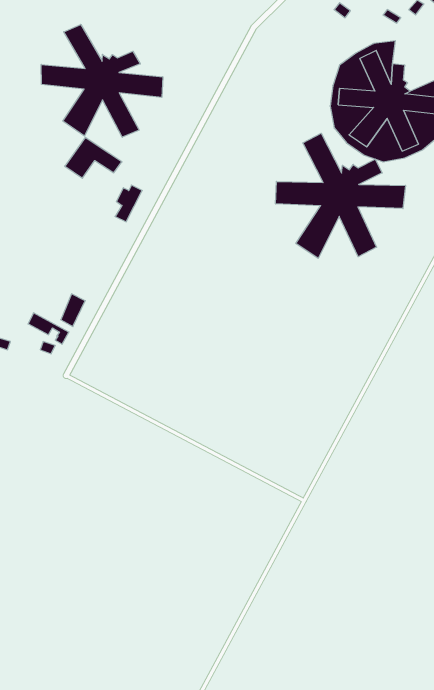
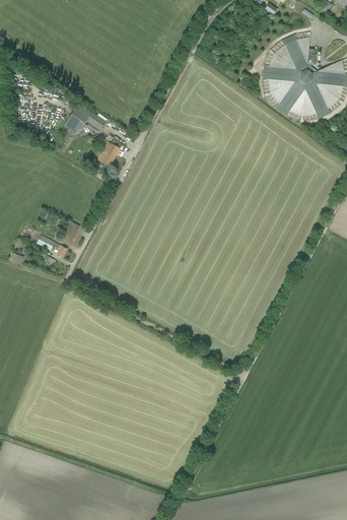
building: [41,24,163,137] -> none
building: [276,133,405,258] -> none

